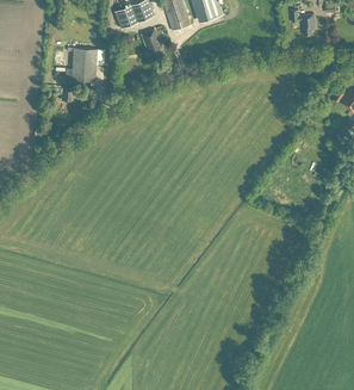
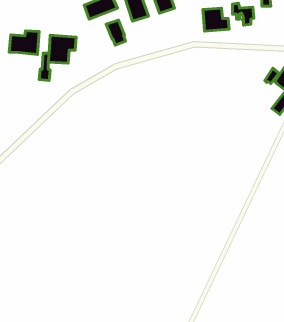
building: none -> [203,8,229,31]
building: none -> [9,31,39,54]

